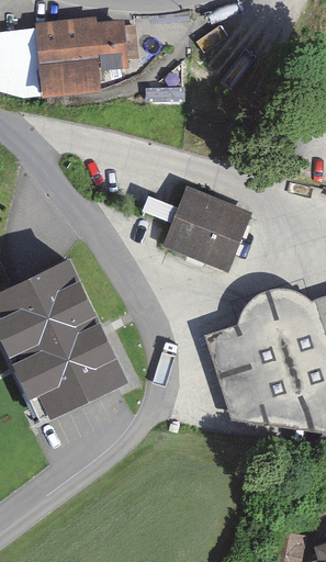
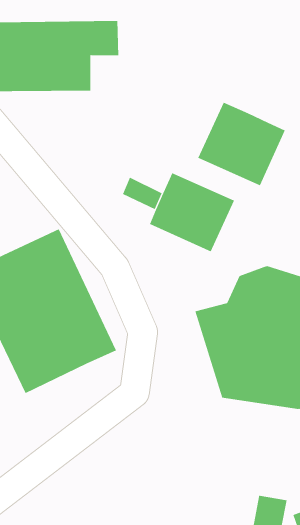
building: none -> [198,102,285,186]

